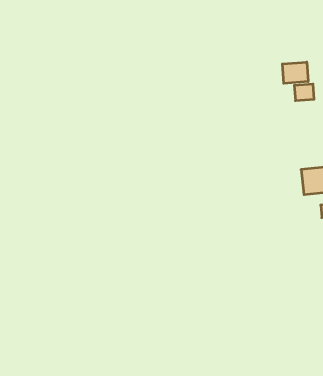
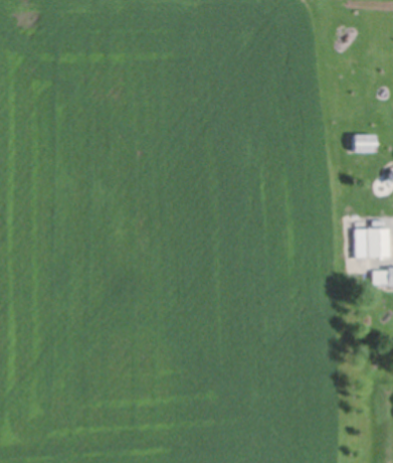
building: [282,62,308,83] -> none

